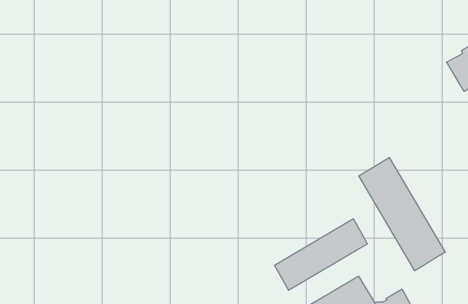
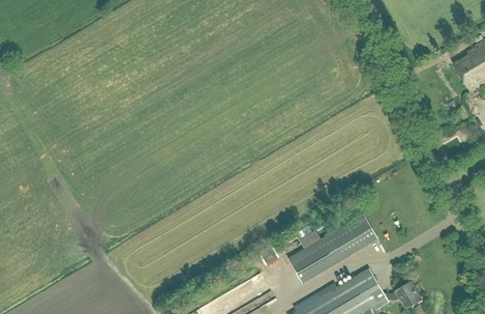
building: [359,157,445,271] -> none

